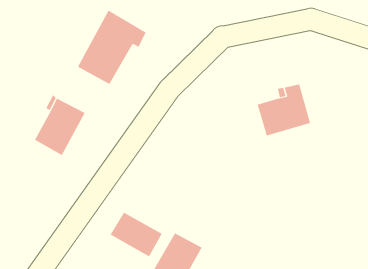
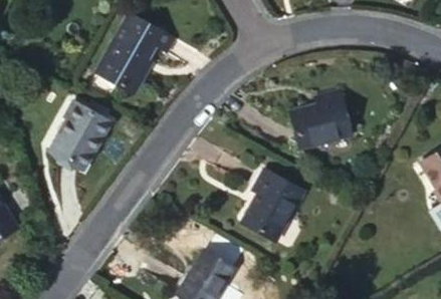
building: none -> [242,171,301,239]
building: [110,212,163,257] -> none

